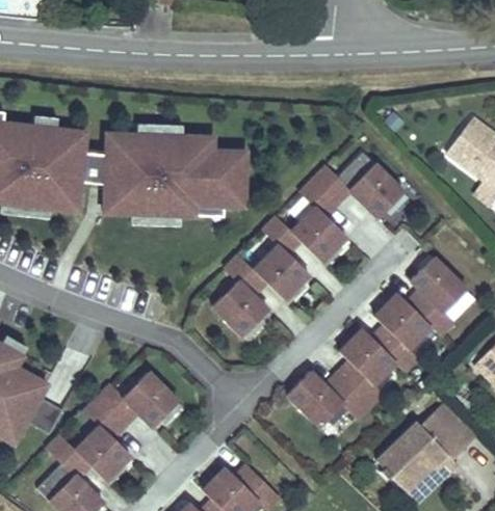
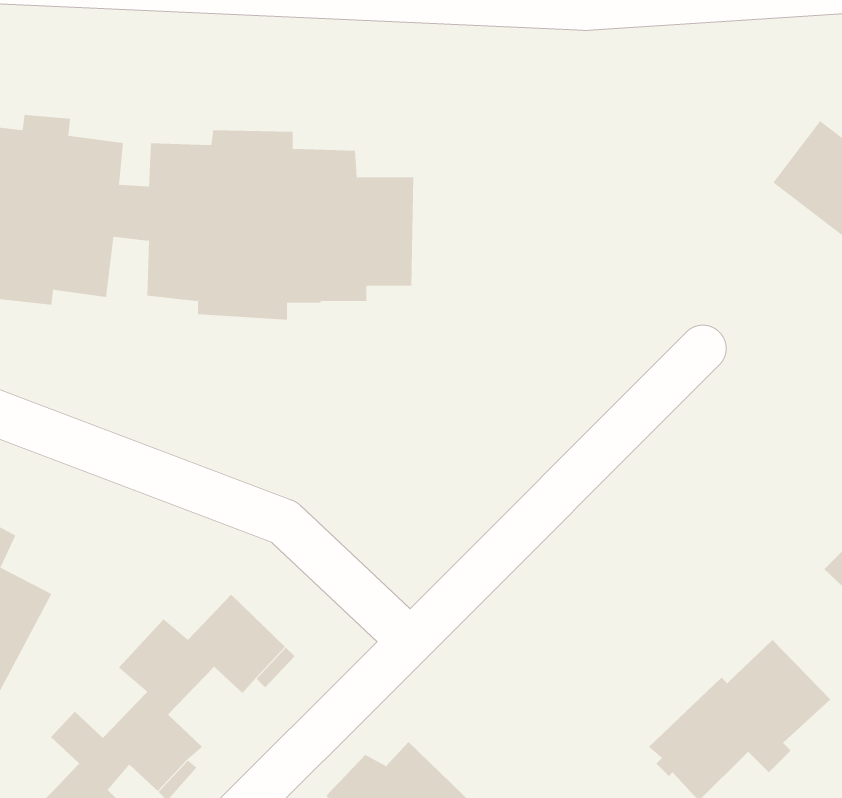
building: [209,150,405,338] -> none
building: [283,251,469,427] -> none

